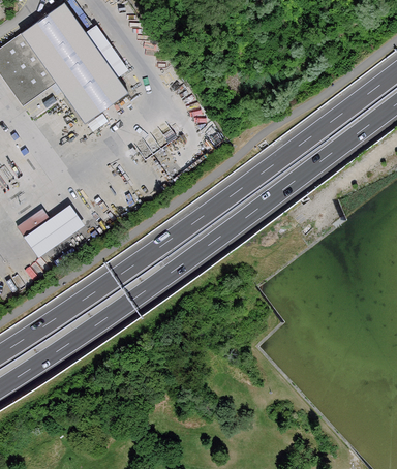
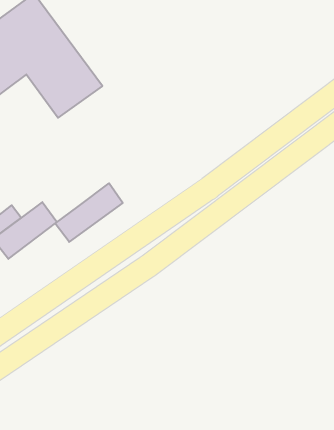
building: none -> [55,183,123,242]

